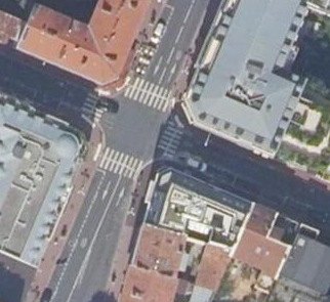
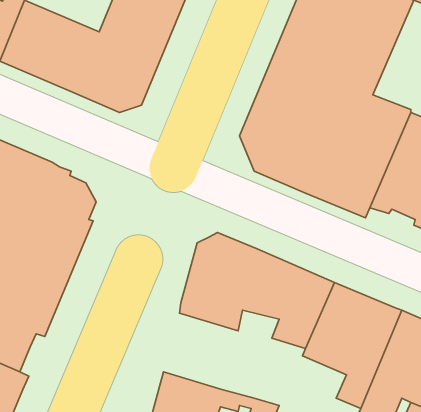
building: [132,224,189,277] -> none
building: [196,242,232,289] -> none

